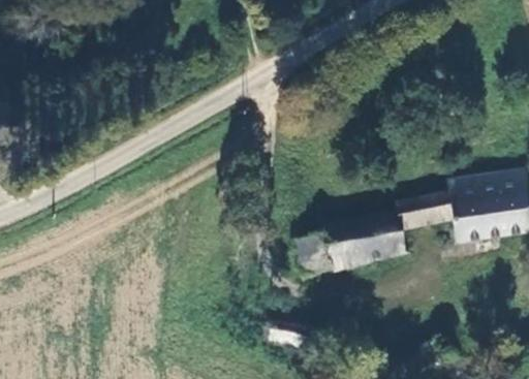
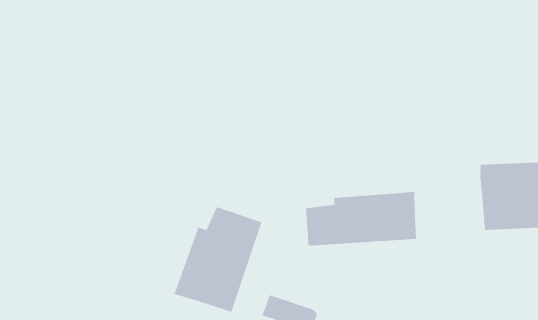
building: [401,193,466,229] -> none
building: none -> [174,206,262,313]

